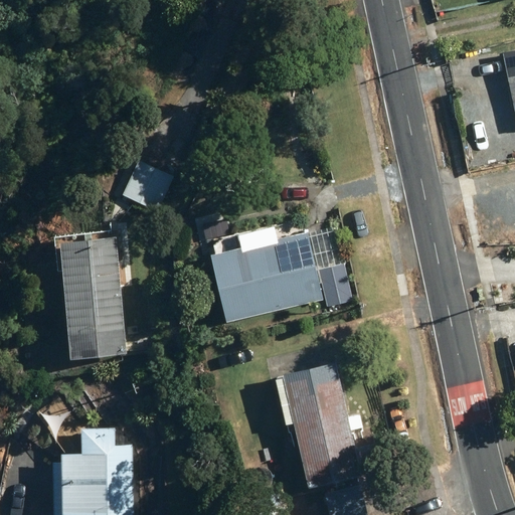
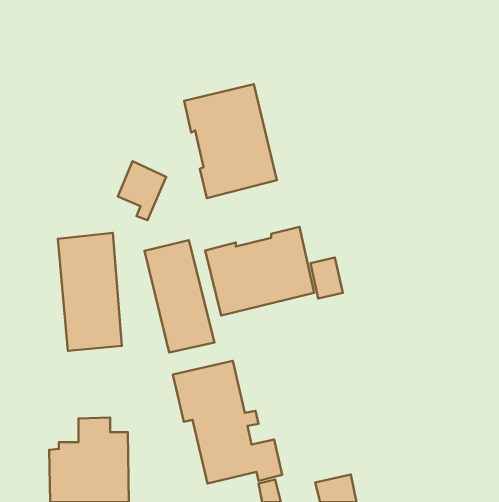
building: none -> [184,84,277,198]
building: none -> [145,240,214,353]
building: [274,363,385,489] -> [173,361,282,484]

